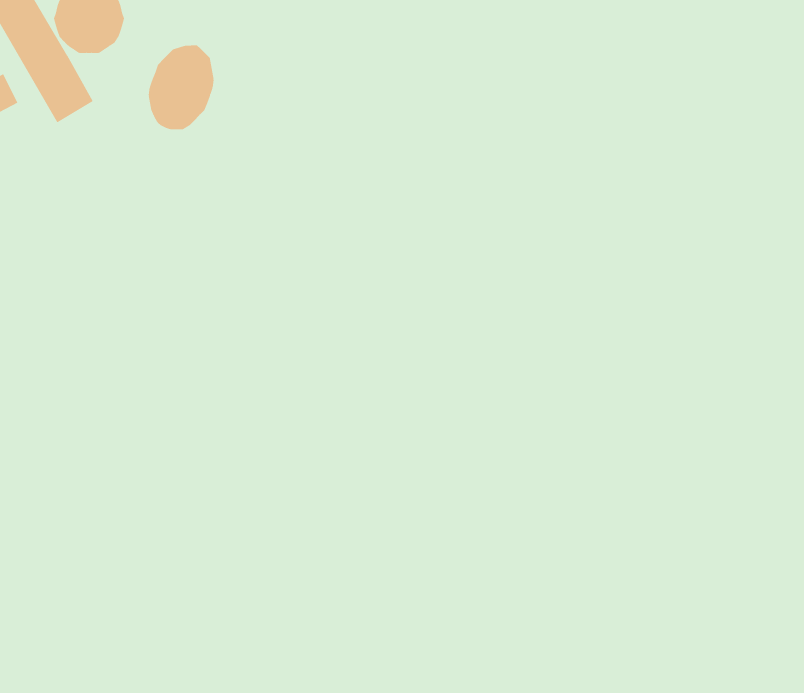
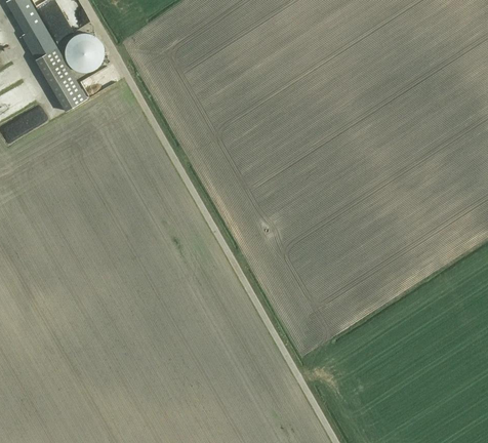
building: [148,44,214,130] -> none

